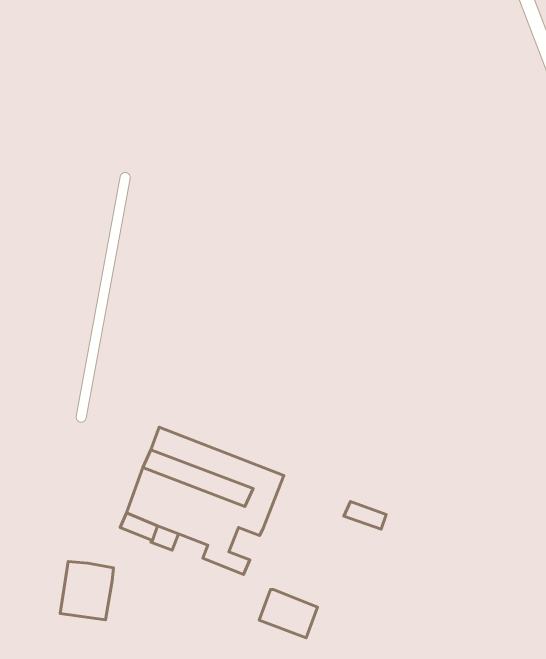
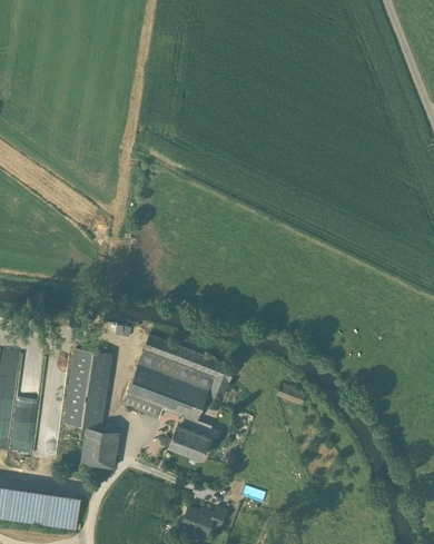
building: none -> [63,349,111,429]
building: [259,589,317,638] -> [169,426,209,459]

